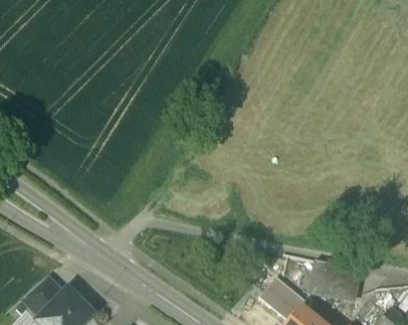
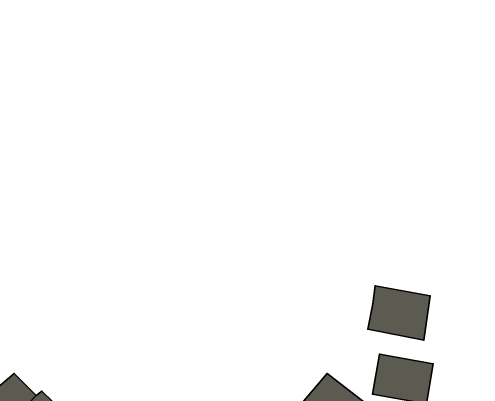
building: none -> [368,286,430,340]

